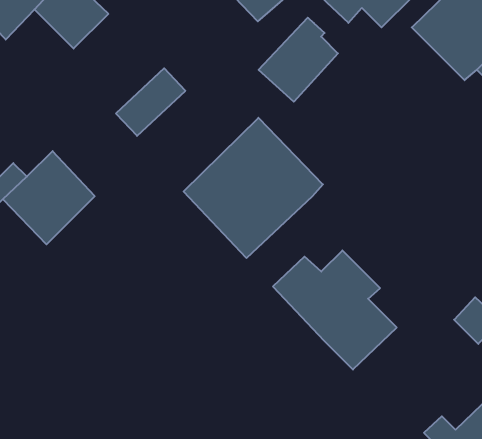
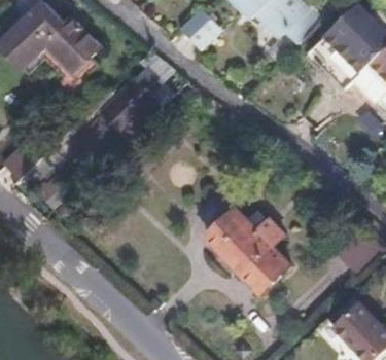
building: [259,18,338,102] -> none
building: [184,118,323,258] -> none

